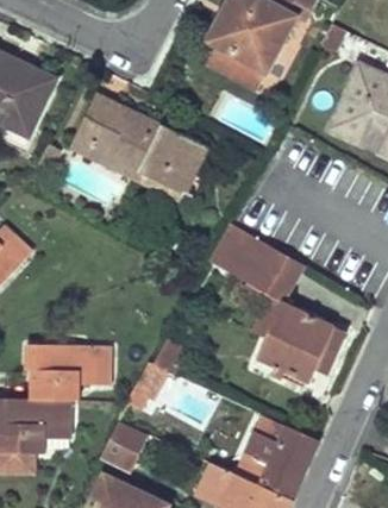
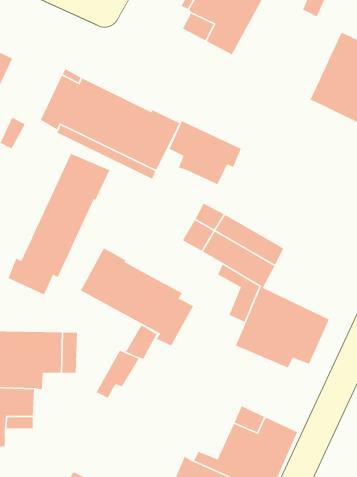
building: none -> [168,120,242,185]
building: none -> [7,153,110,295]
building: none -> [80,247,194,346]
building: [99,421,148,473] -> none

